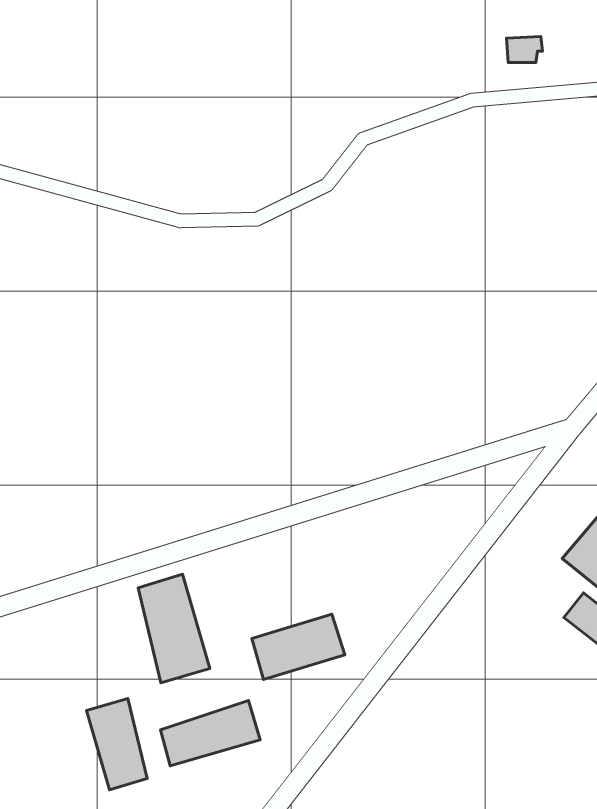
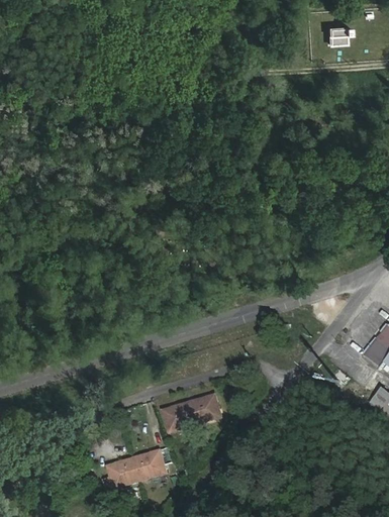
building: [138,574,210,683] -> none
building: [86,698,147,790] -> none

